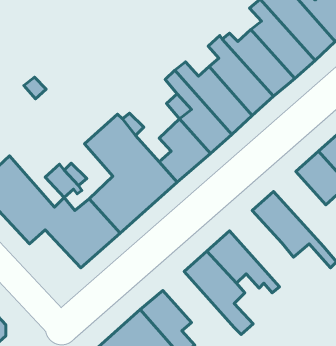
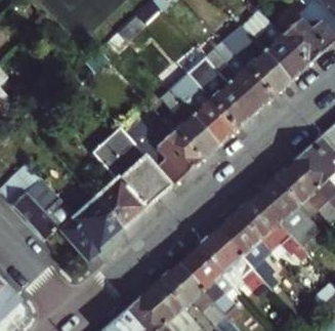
building: none -> [254,176,303,241]
building: none -> [216,210,281,289]
building: none -> [159,262,220,315]

